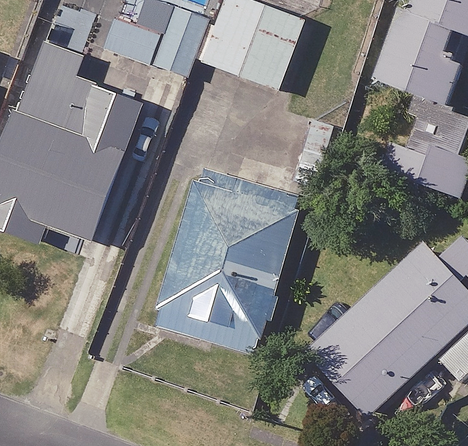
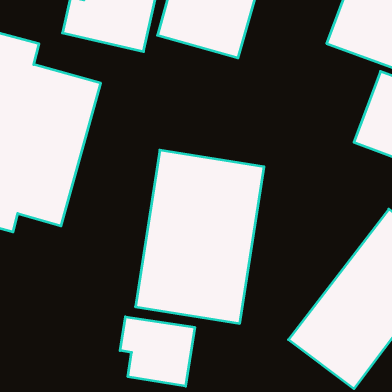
building: none -> [120,317,195,386]

